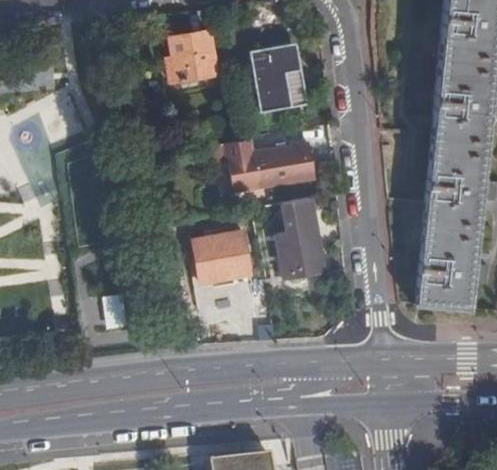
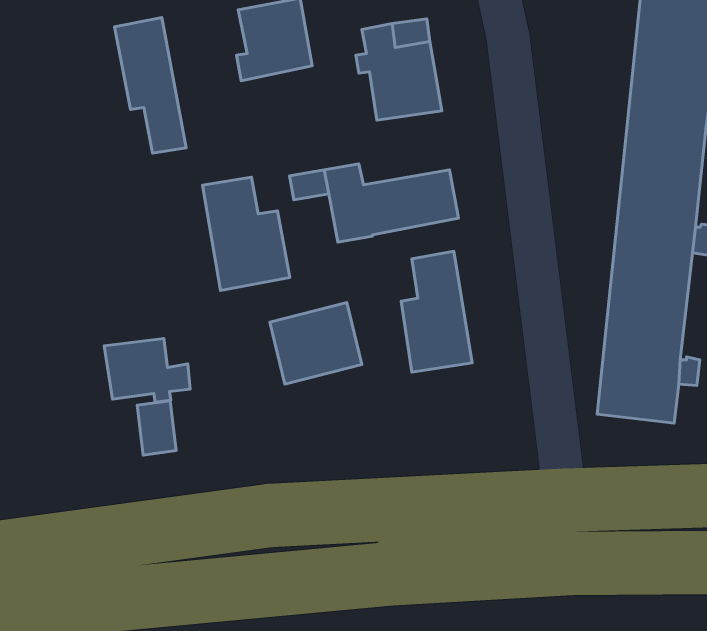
building: none -> [114,18,186,153]
building: none -> [202,177,290,290]
building: none -> [104,339,190,402]

